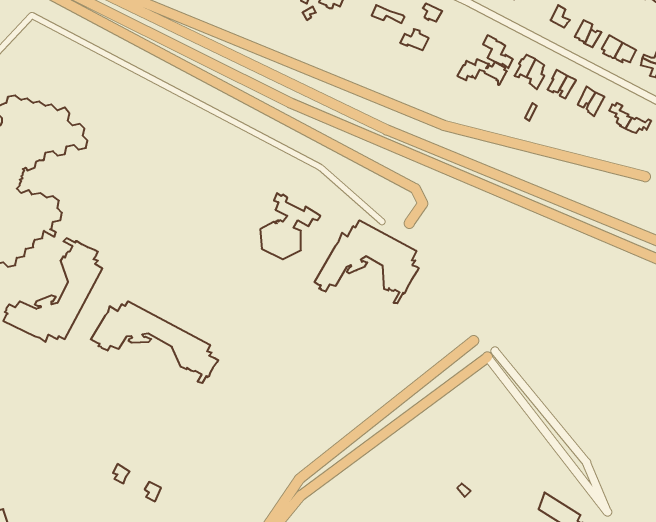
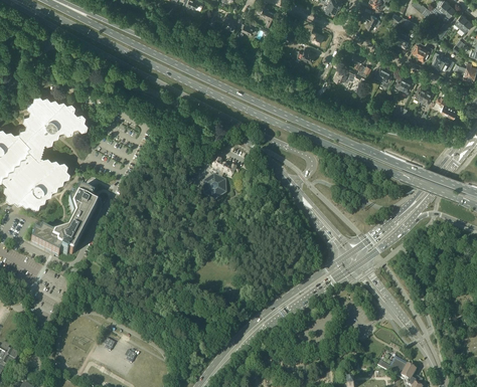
building: [315,220,419,303] -> none
building: [91,301,218,383] -> none

